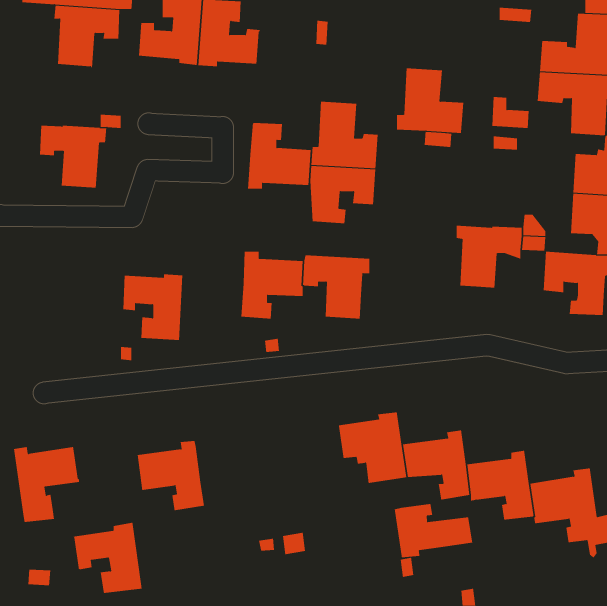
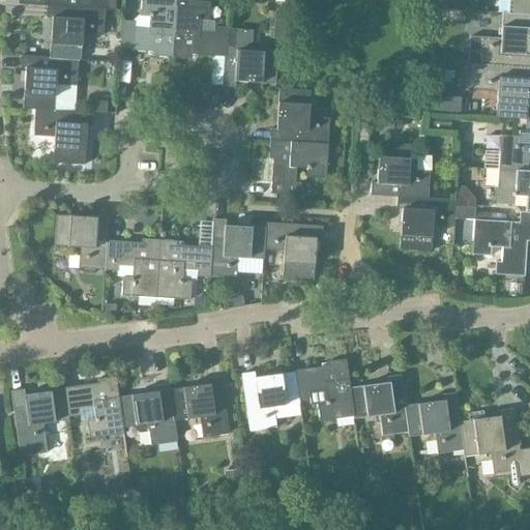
building: none -> [21,54,80,110]
building: [396,68,464,133] -> [372,141,431,198]
building: [247,123,312,189] -> [223,28,278,86]
building: none -> [55,210,111,269]
building: none -> [157,239,212,298]
building: none -> [242,371,299,430]
building: none -> [172,376,231,437]
building: [394,503,473,558] -> none
building: [72,522,143,594] -> [64,375,125,437]

